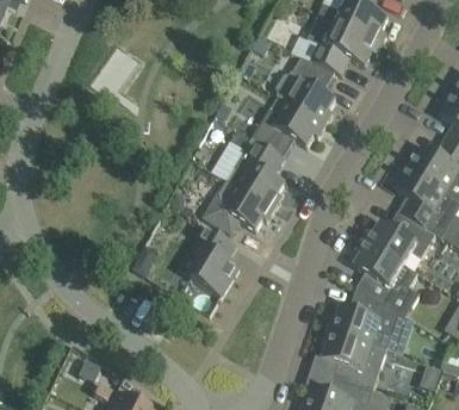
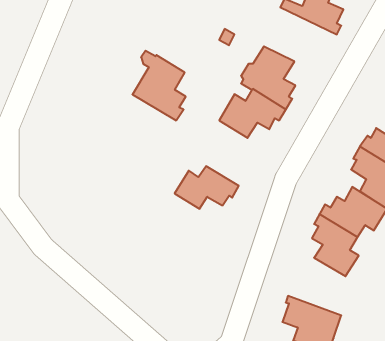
building: [309,13,382,75] -> none
building: [227,132,285,209] -> [132,51,186,120]
building: [191,228,241,297] -> none
building: [328,287,399,350] -> none

